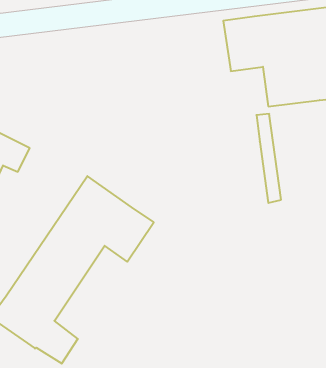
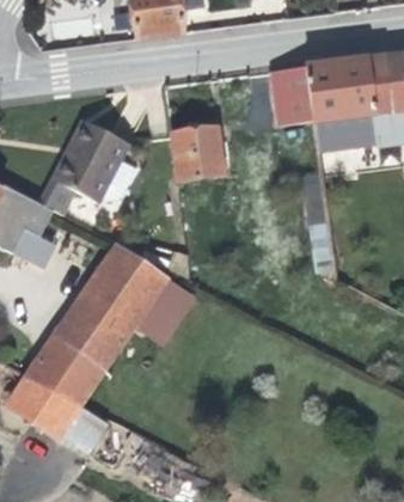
building: none -> [38,118,136,213]
building: none -> [170,125,222,180]

